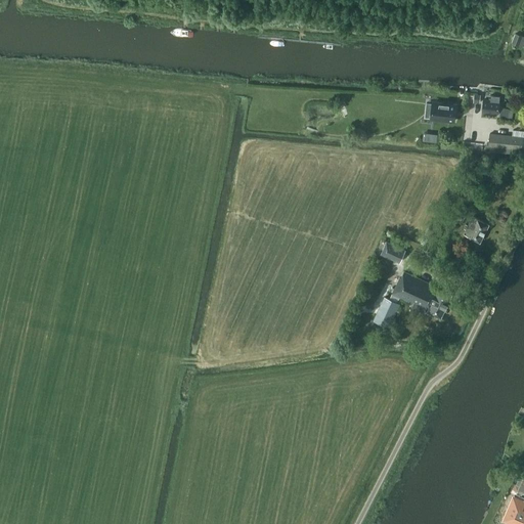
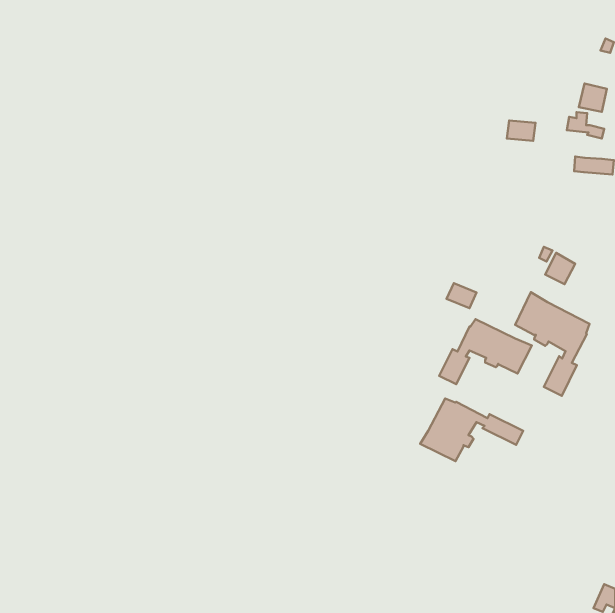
building: none -> [579,84,607,112]
building: none -> [515,292,589,396]
building: none -> [420,398,523,461]

